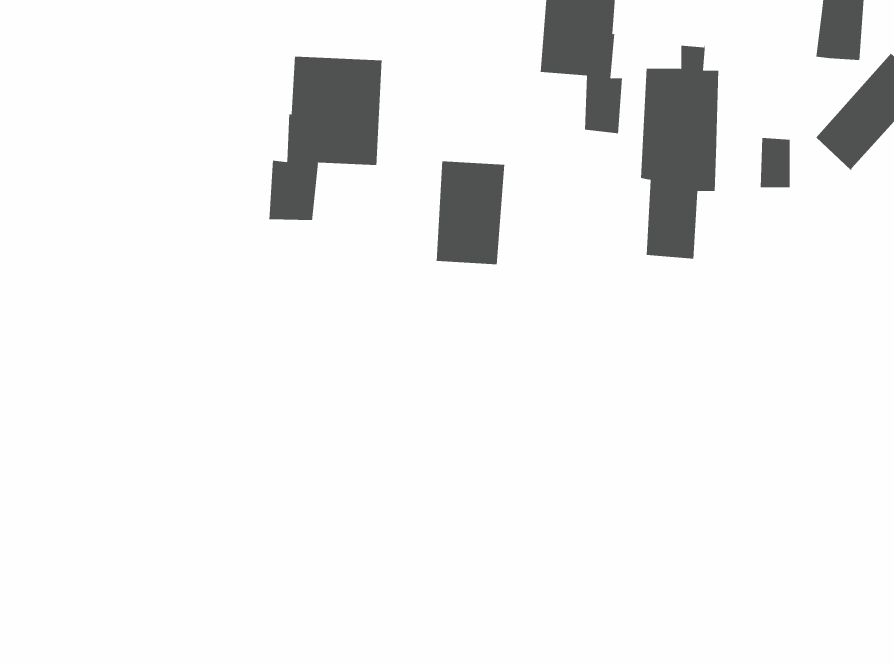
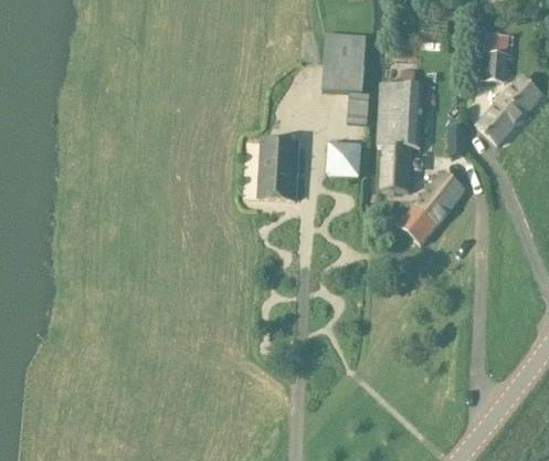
building: [269,56,382,221] -> none
building: none -> [325,140,361,176]
building: none -> [399,170,464,243]

